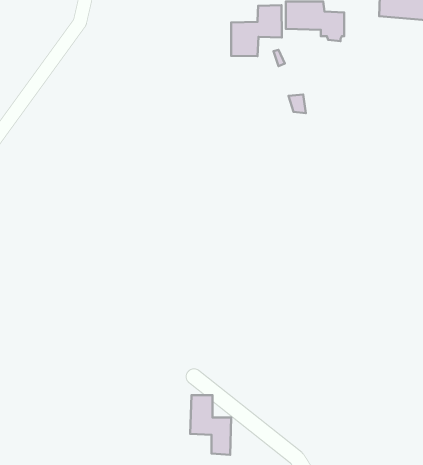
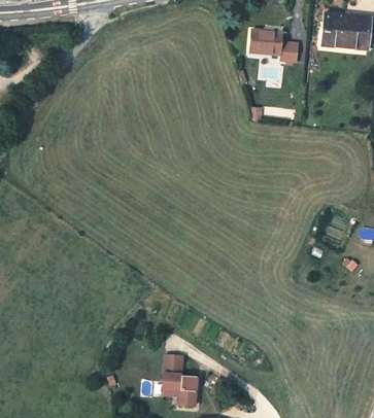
building: [231,5,282,56] -> none

